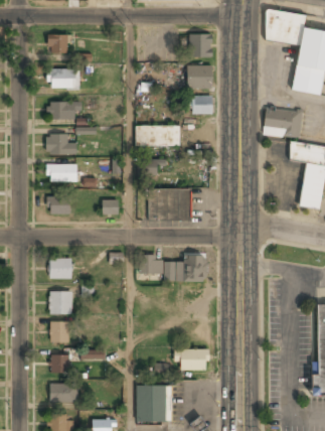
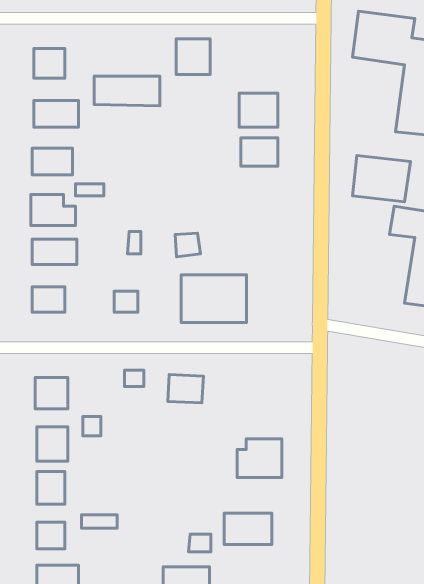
building: [188,32,211,56] -> [176,39,210,75]
building: [135,125,179,145] -> [94,76,160,106]
building: [176,254,206,280] -> [237,439,282,478]

